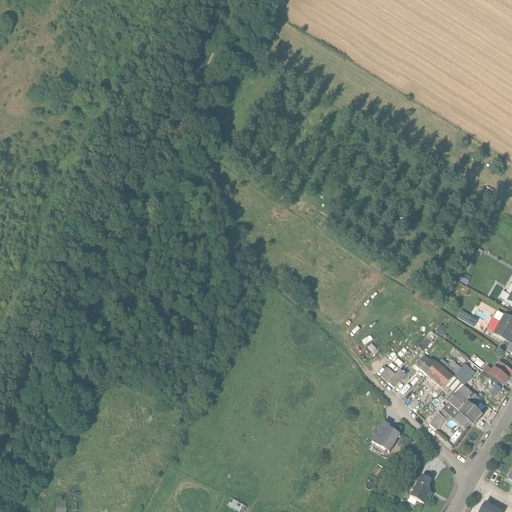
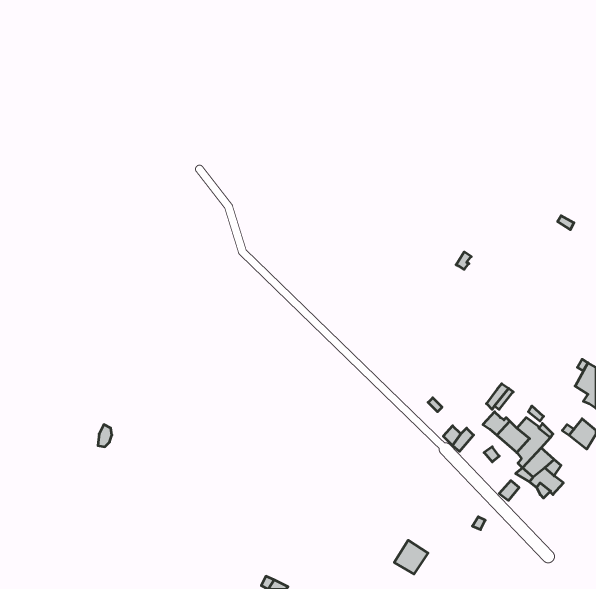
building: [372,420,401,449] -> [394,540,428,574]
building: [410,471,432,500] -> none

